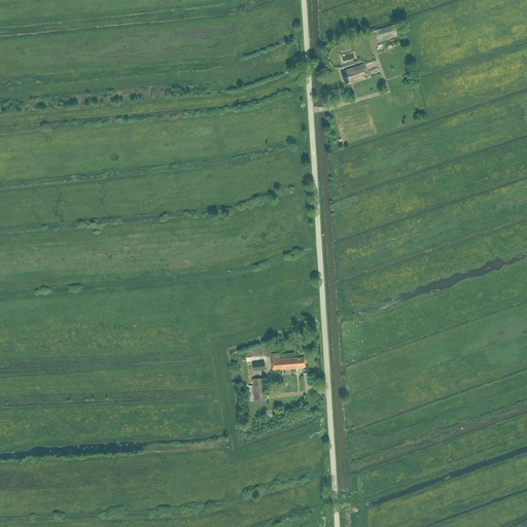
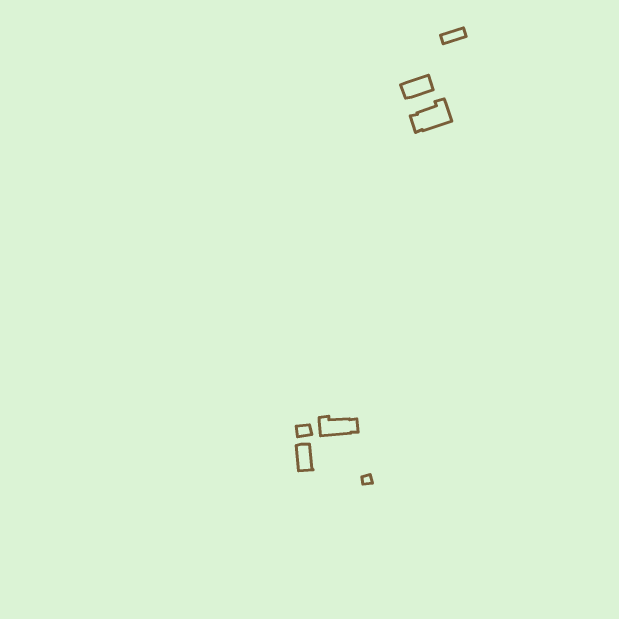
building: none -> [410,99,452,132]

